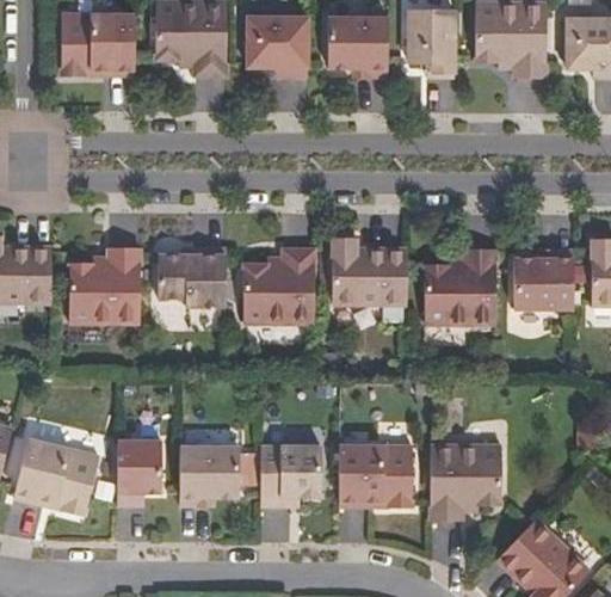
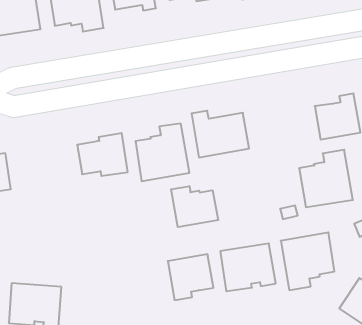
building: [68,247,140,322] -> none
building: [425,248,495,324] -> [299,150,353,207]
building: none -> [171,186,218,227]
building: [117,441,161,504] -> none
building: [179,444,240,504] -> none

